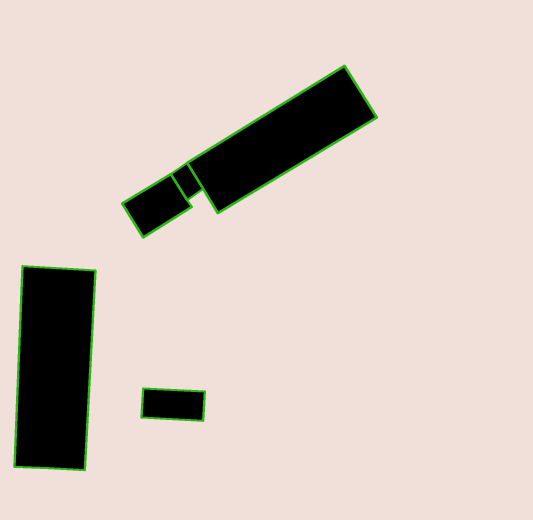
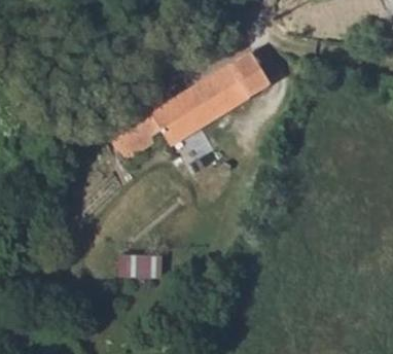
building: [15,266,95,470] -> none

